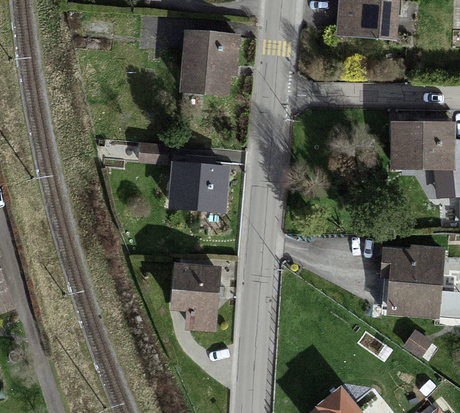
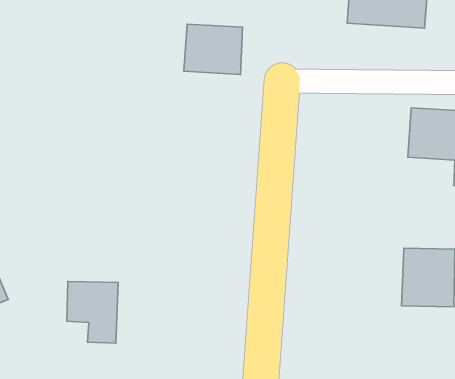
building: [169,153,224,203] -> none
building: [167,267,216,326] -> [67,281,118,343]

